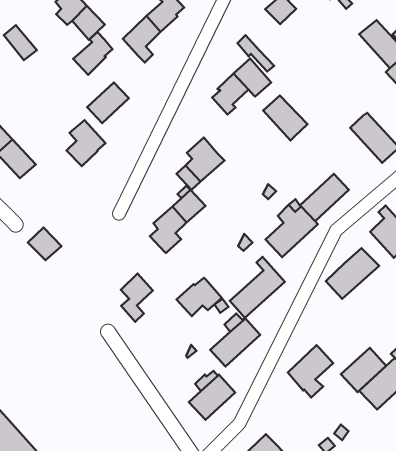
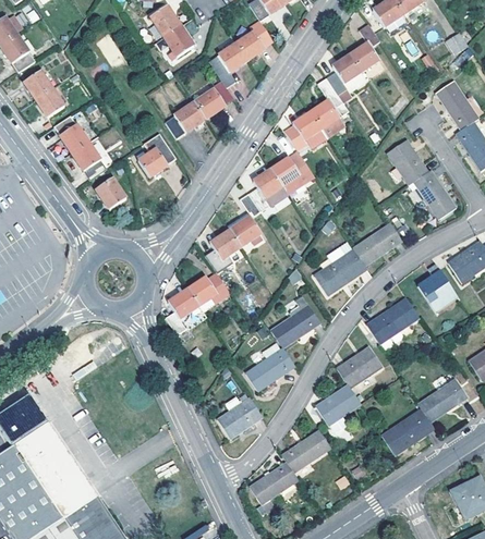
building: none -> [327,56,362,94]
building: [73,32,113,75] -> [194,81,233,120]
building: [263,95,307,140] -> [387,140,427,185]
building: none -> [271,158,305,194]
building: [28,227,61,260] -> [95,177,126,209]
building: [177,278,222,316] -> [187,272,231,307]
building: [341,348,386,392] -> [337,347,381,388]
building: none -> [281,430,330,474]

